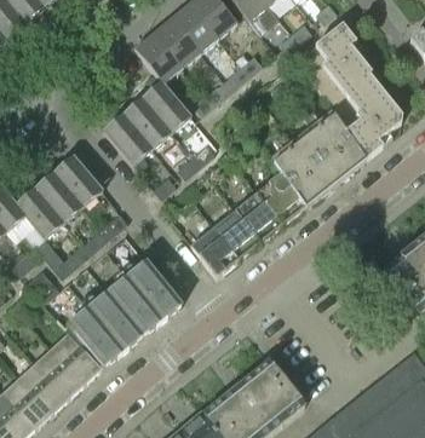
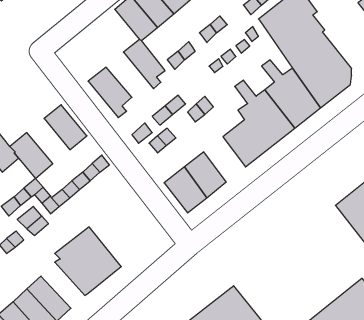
building: [125,96,178,146] -> none
building: [35,171,84,221] -> none
building: [235,191,282,242] -> none
building: [105,260,182,338] -> none
building: [51,333,100,385] -> none

